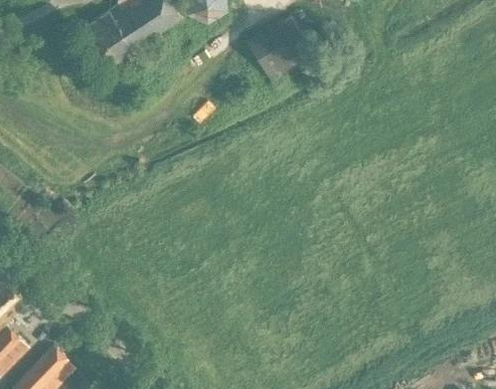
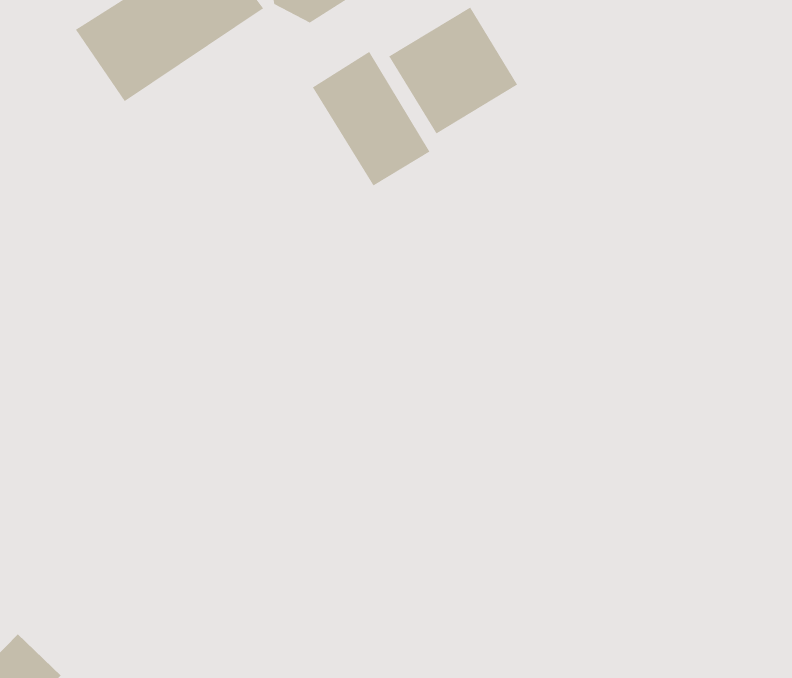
building: none -> [312,51,430,186]

